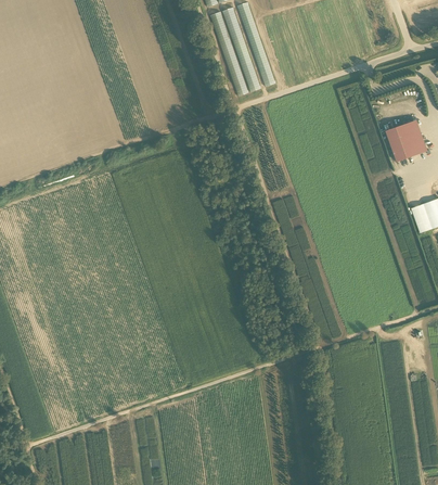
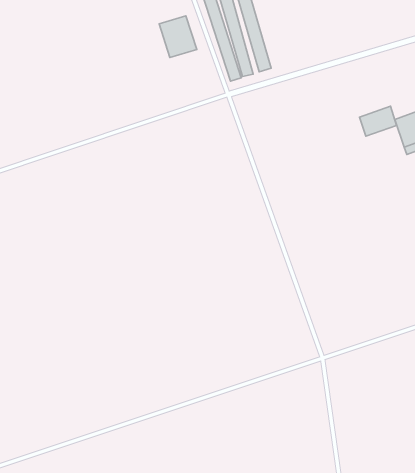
building: none -> [159,16,197,58]
building: none -> [360,106,397,136]

